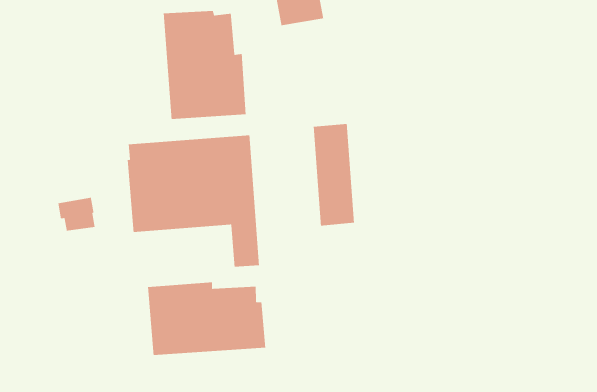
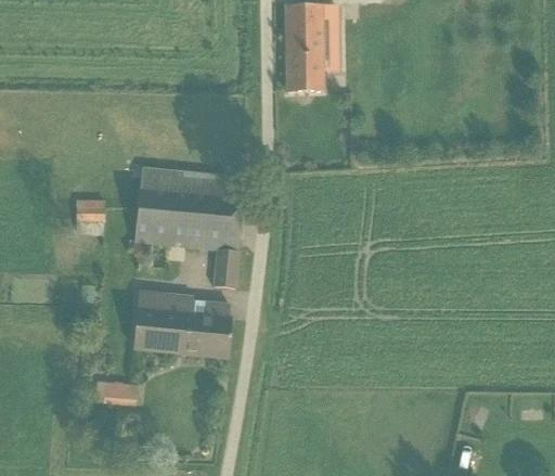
building: [163,10,247,120] -> none
building: [313,123,355,226] -> none

